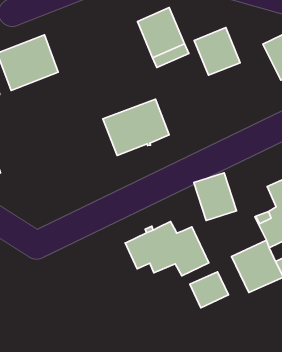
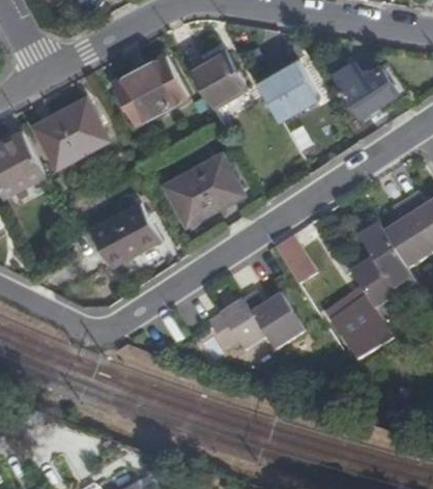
building: none -> [112,54,186,122]
building: none -> [89,201,157,264]
building: [190,272,229,308] -> none

